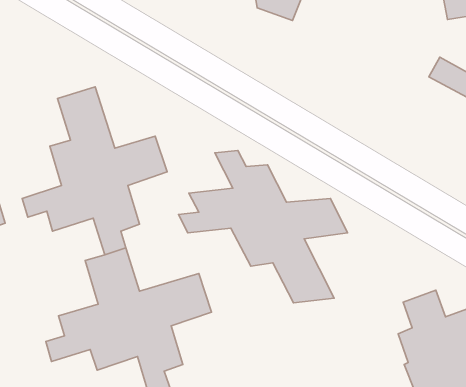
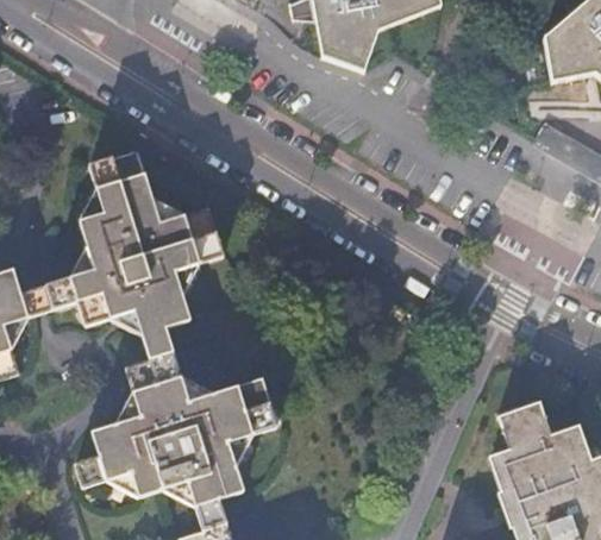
building: [178,150,348,303] -> none

